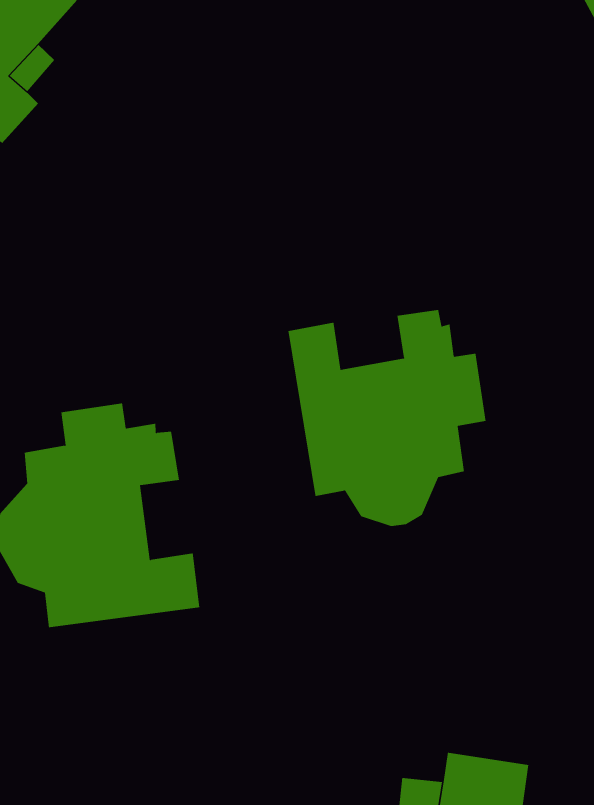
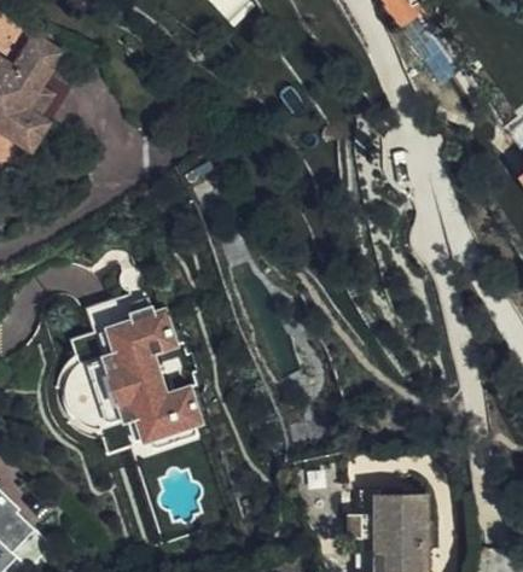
building: [288,309,486,527] -> none

